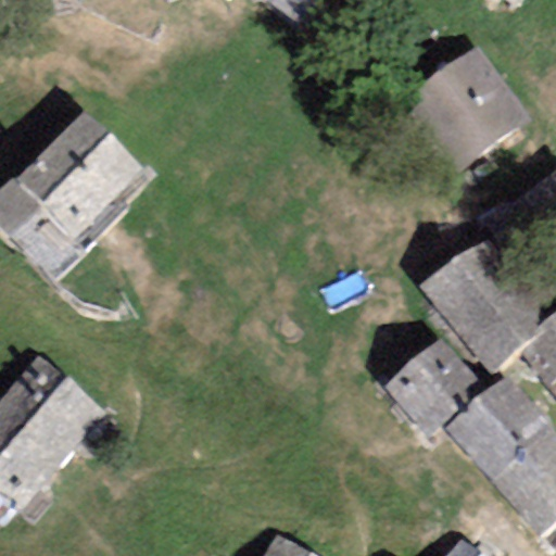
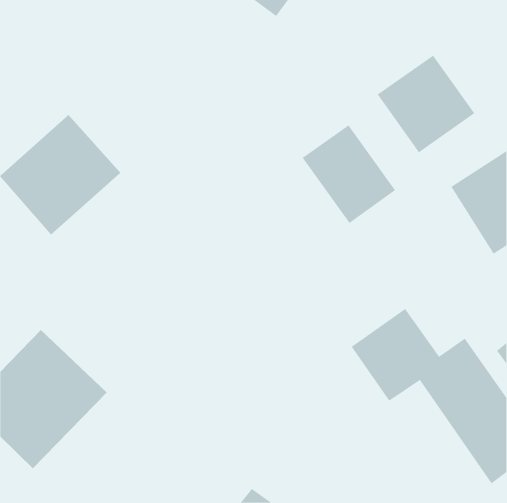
building: none -> [302,125,396,224]
building: [428,245,544,363] -> none

